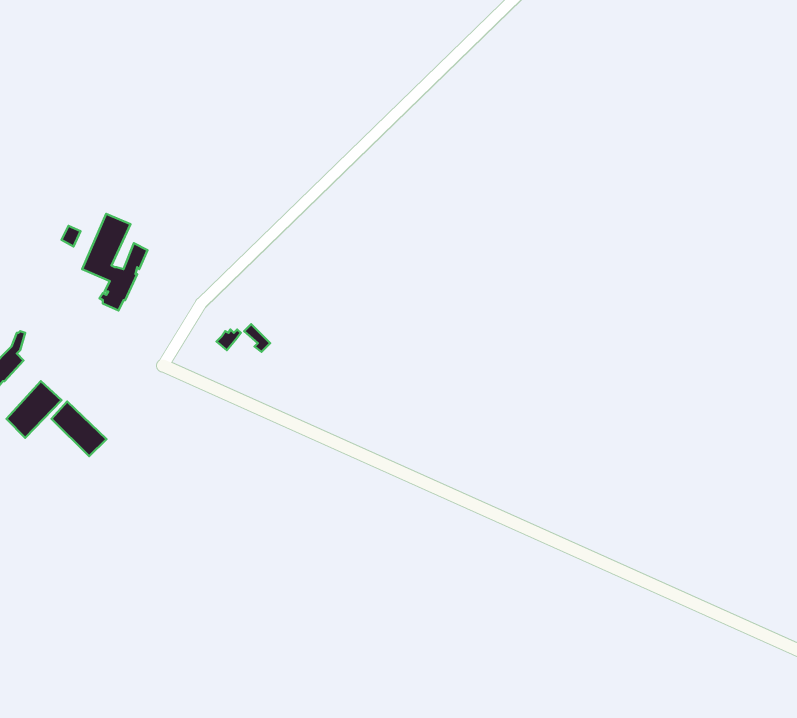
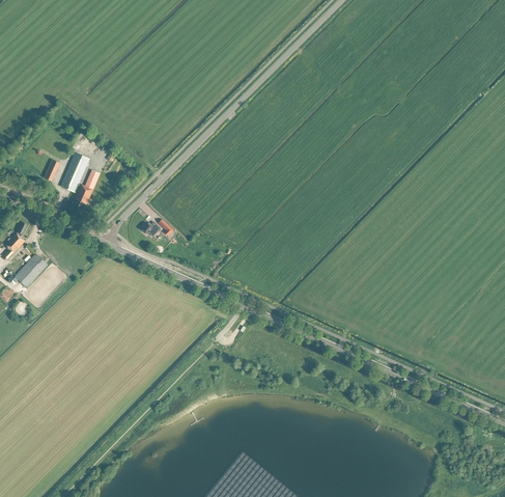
building: [52,402,106,456] -> none

